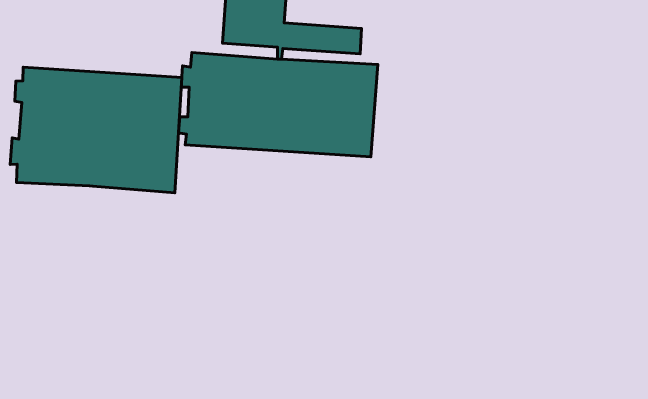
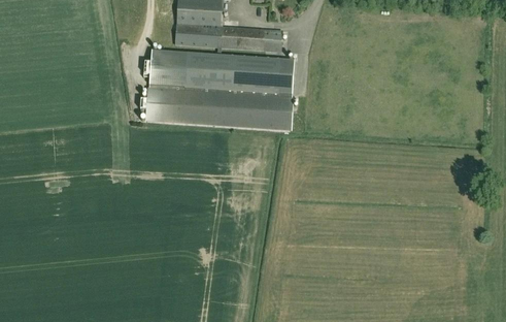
building: [10,67,182,193] -> none

